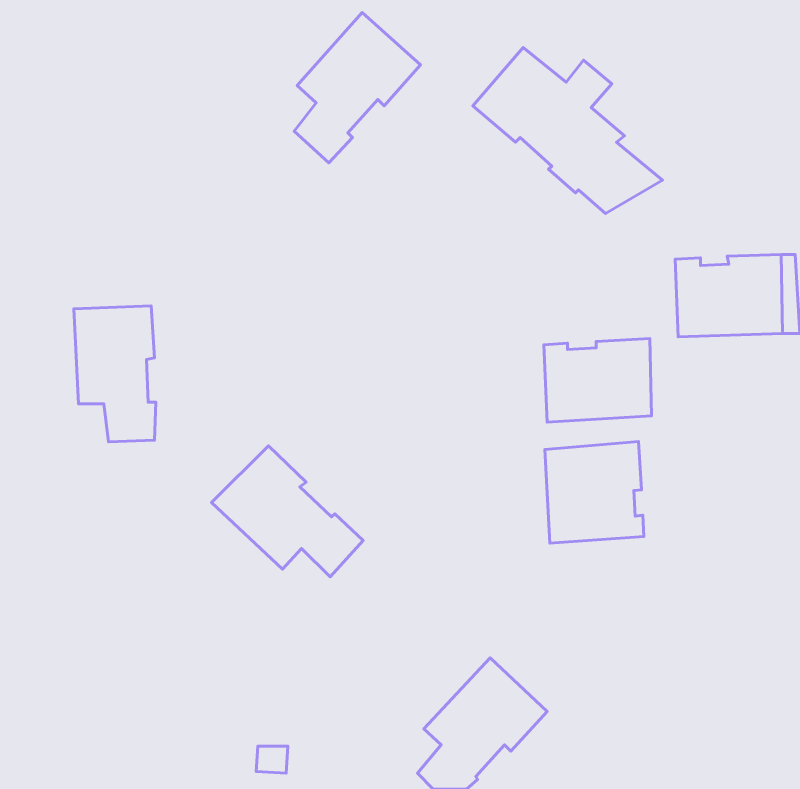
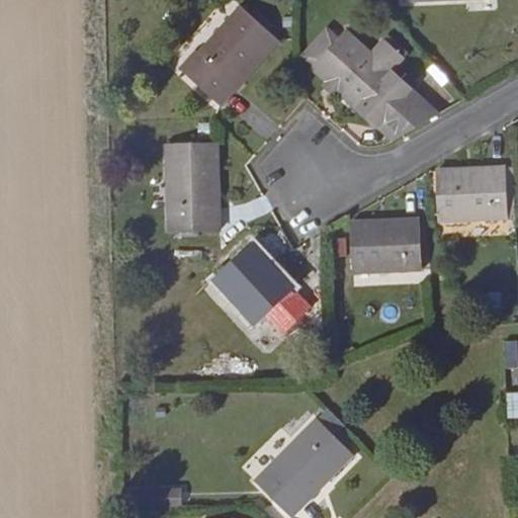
building: [74,306,156,442] -> [162,147,214,234]
building: [545,442,644,543] -> none
building: [211,446,363,577] -> [211,248,309,332]

